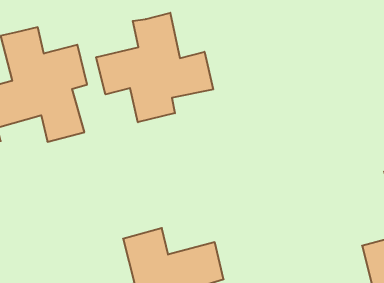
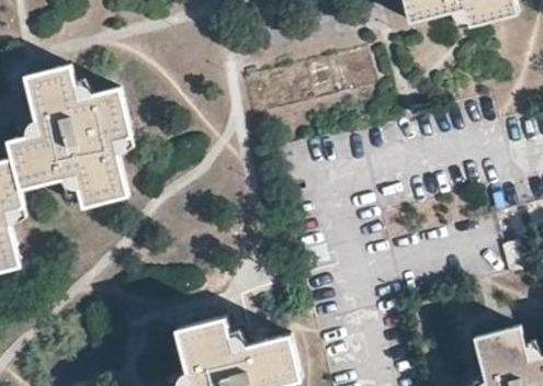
building: [96,13,213,122] -> none

